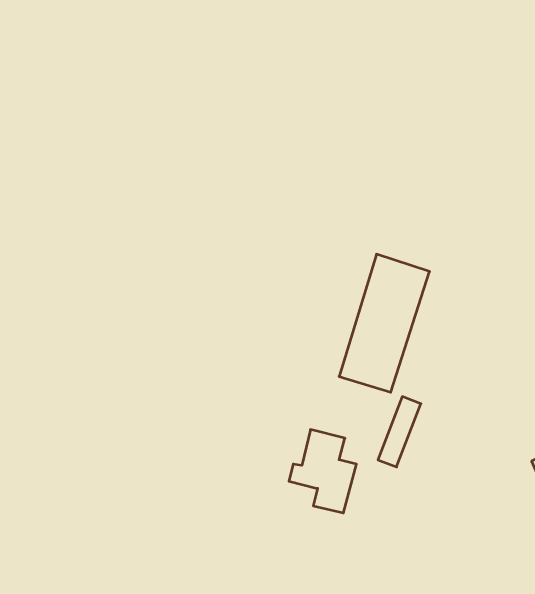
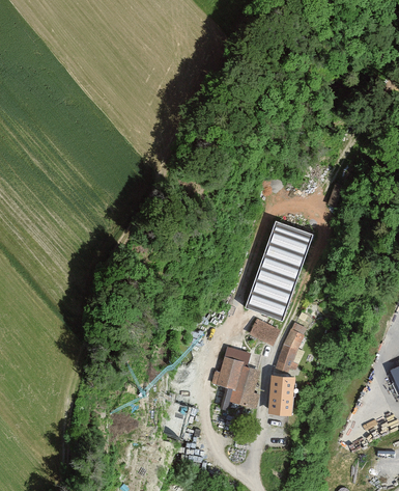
building: none -> [249,320,280,346]
building: none -> [268,376,295,415]

